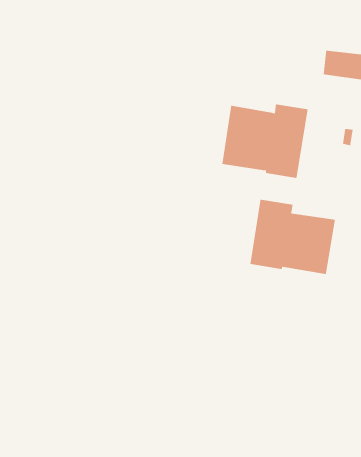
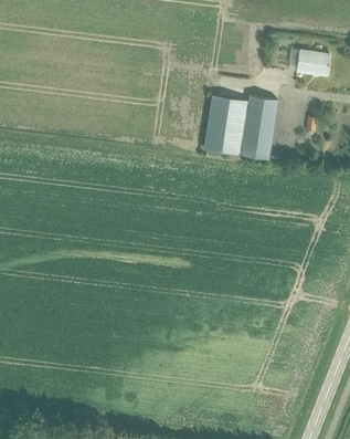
building: [250,199,335,275] -> none

